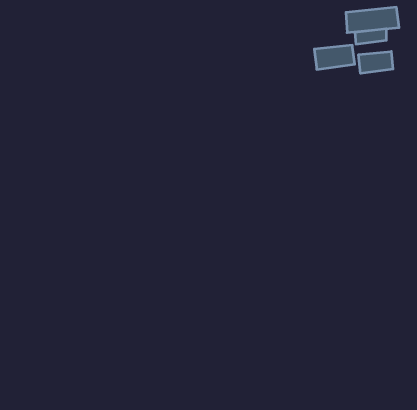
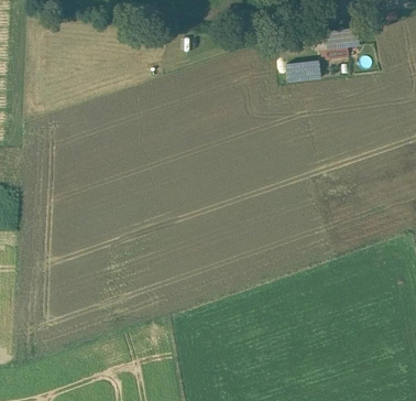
building: [359,51,393,73] -> none

